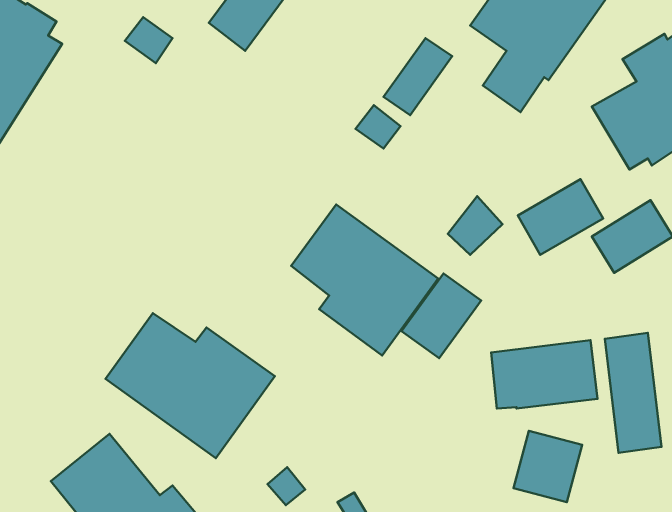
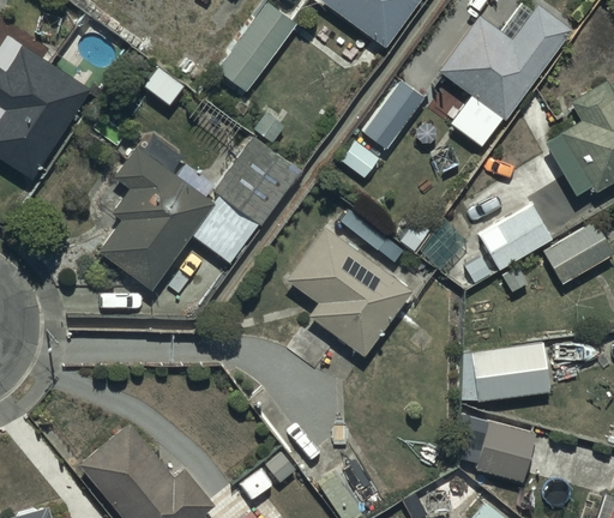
building: none -> [97,138,299,291]
building: [402,274,481,358] -> none
building: [106,313,275,458] -> none
building: [605,333,661,453] -> none

